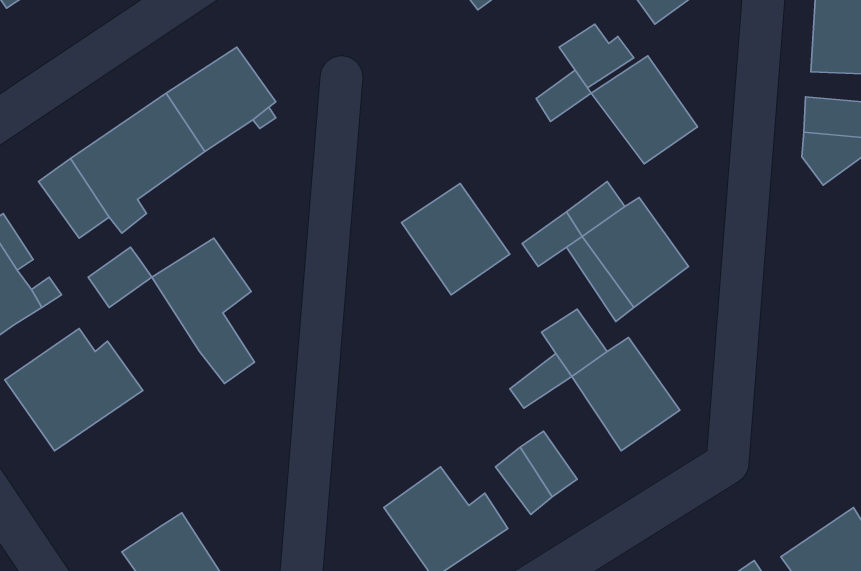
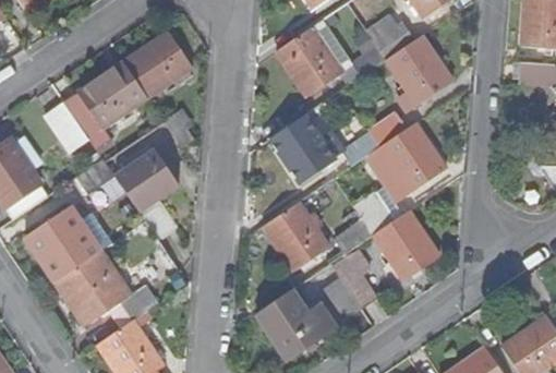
building: none -> [277,27,343,97]
building: none -> [265,204,329,272]
building: none -> [55,250,158,326]

